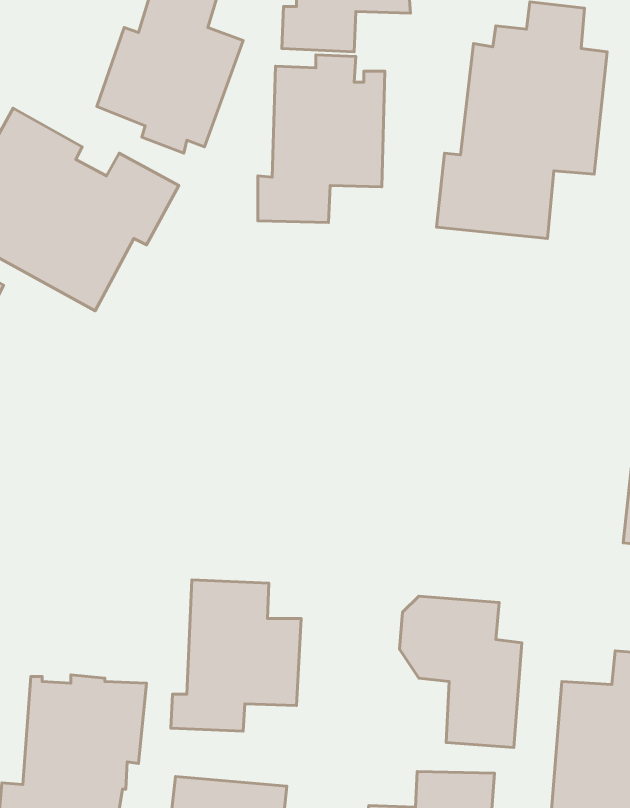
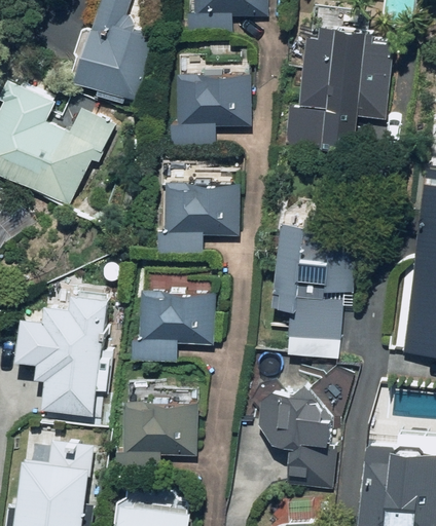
building: none -> [155,162,237,255]
building: none -> [272,220,361,361]
building: none -> [131,267,213,365]
building: none -> [10,288,125,428]

